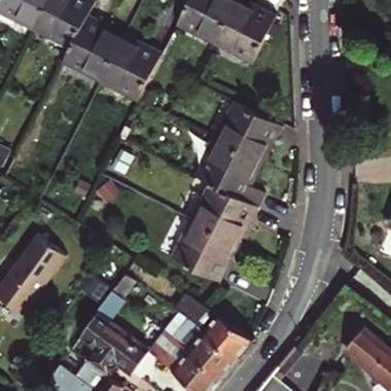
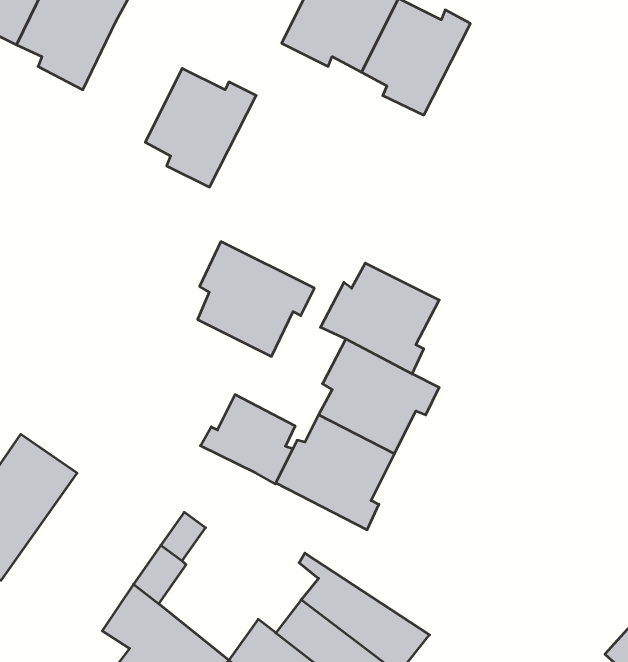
building: [62,14,121,78] -> none
building: [218,101,280,162] -> [198,242,314,356]
building: none -> [200,395,295,484]

